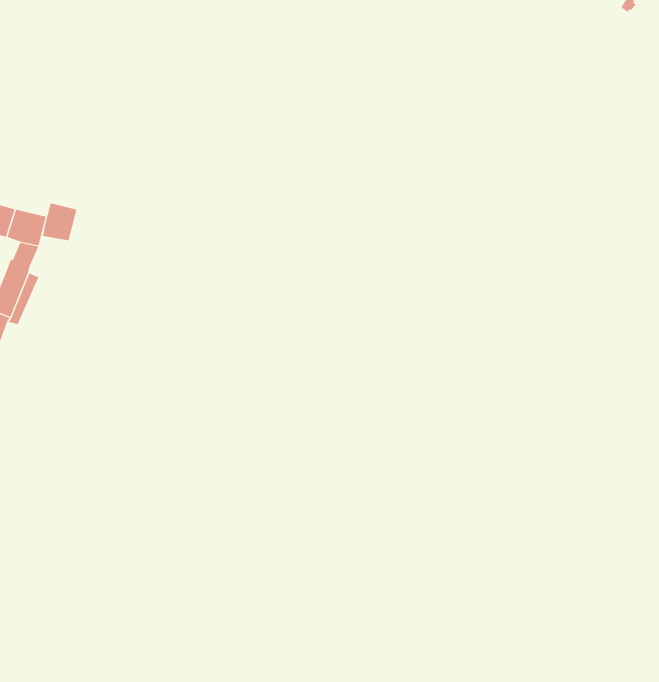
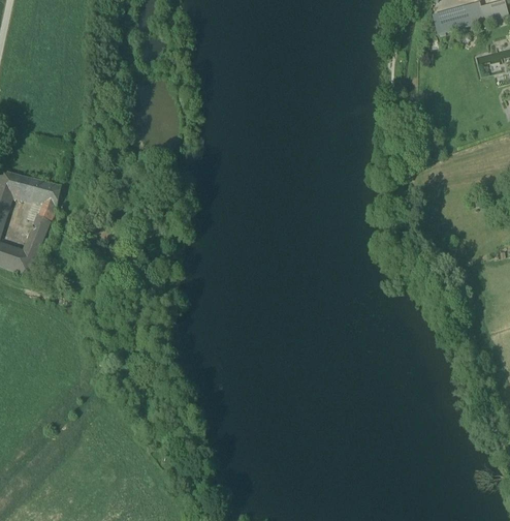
building: [43,202,77,241] -> none

